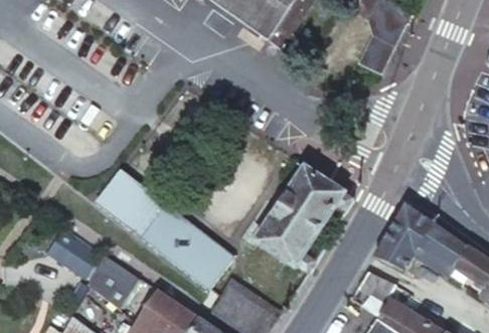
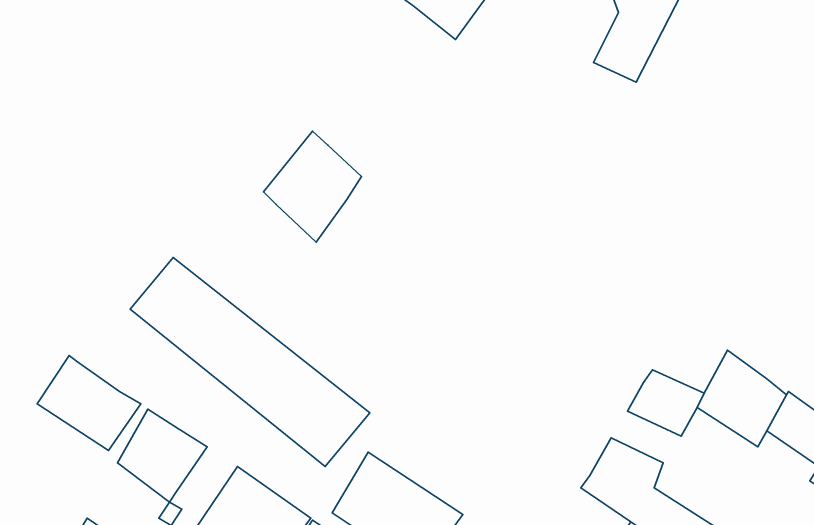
building: none -> [263,131,361,242]
building: [259,165,354,272] -> none
building: [390,204,433,244] -> none

